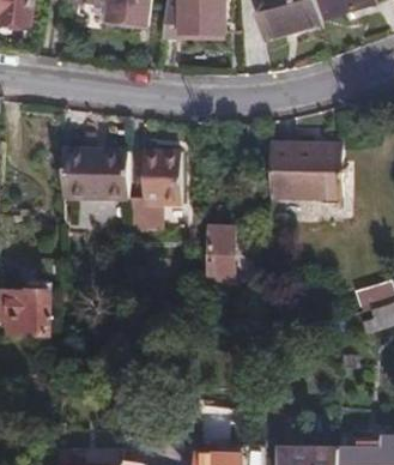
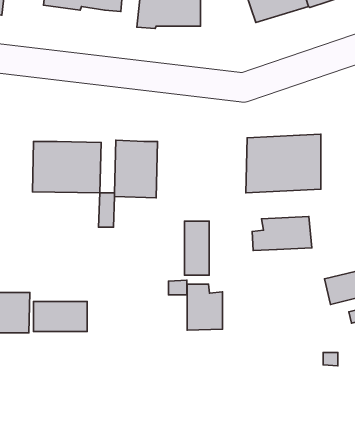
building: none -> [252,216,312,251]
building: none -> [187,284,222,330]
building: none -> [33,301,87,332]

